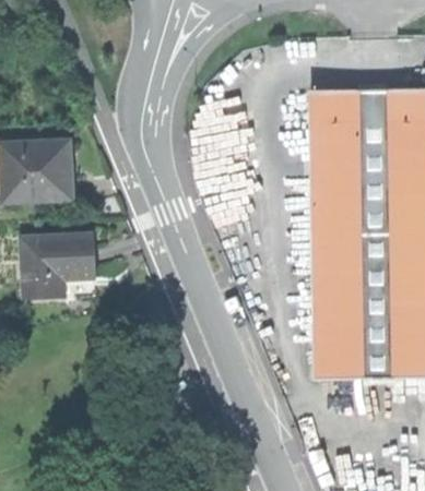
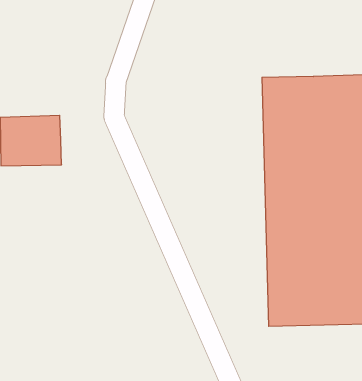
building: [26,235,97,297] -> none

